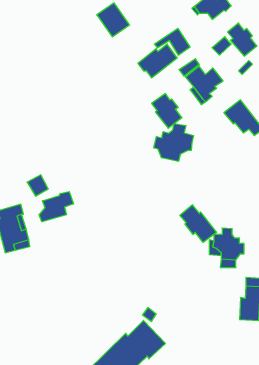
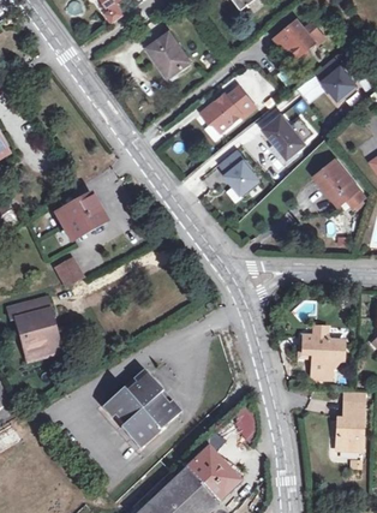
building: [154,124,194,161] -> none
building: none -> [56,193,106,238]
building: [39,192,74,222] -> none
building: [180,205,216,242] -> none
building: none -> [106,371,178,448]

